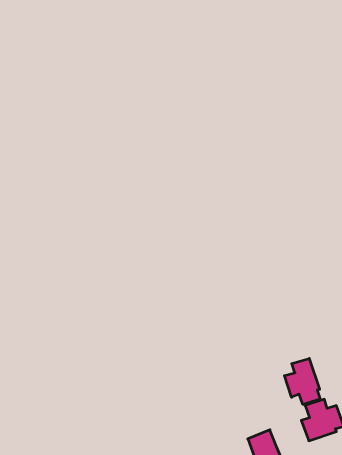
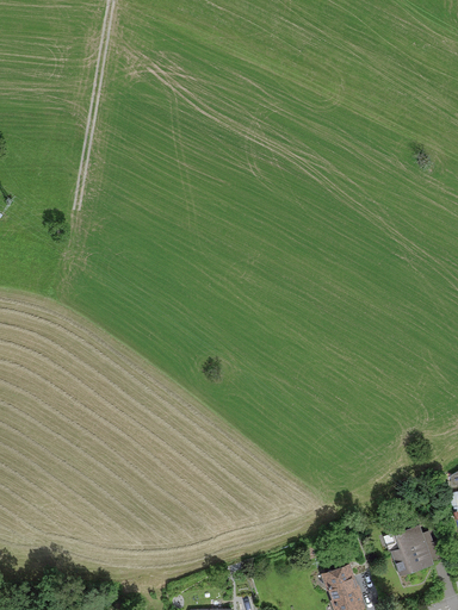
building: [284,358,320,404] -> none

